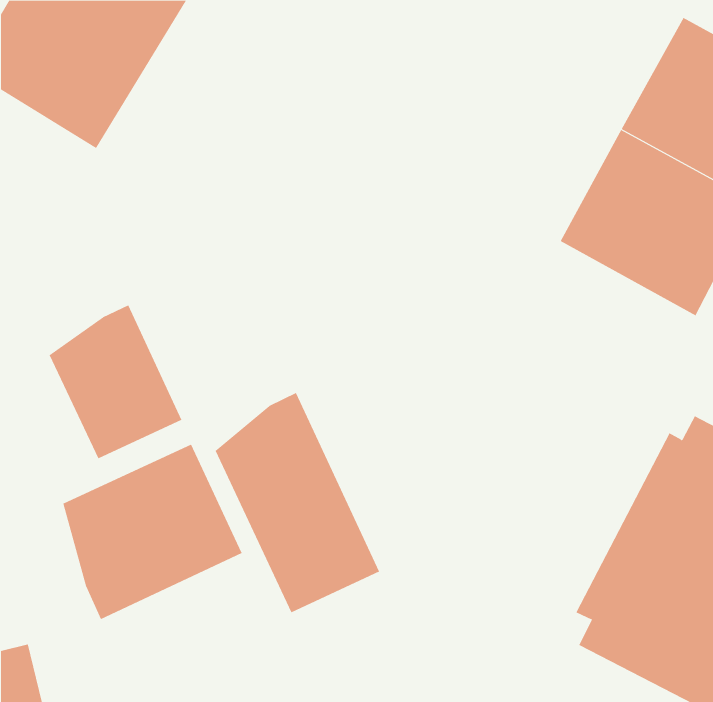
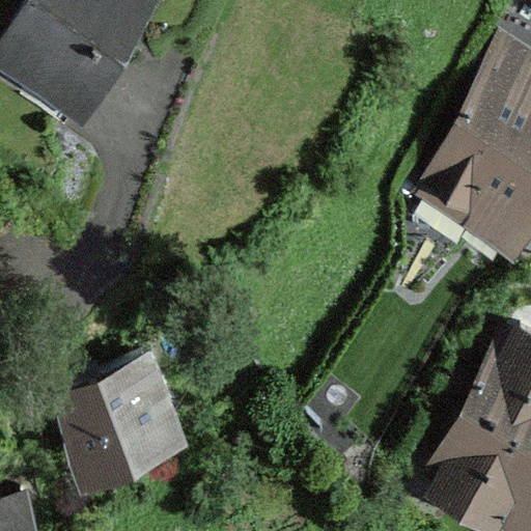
building: [49,304,182,459] -> none
building: [215,392,380,613] -> none

